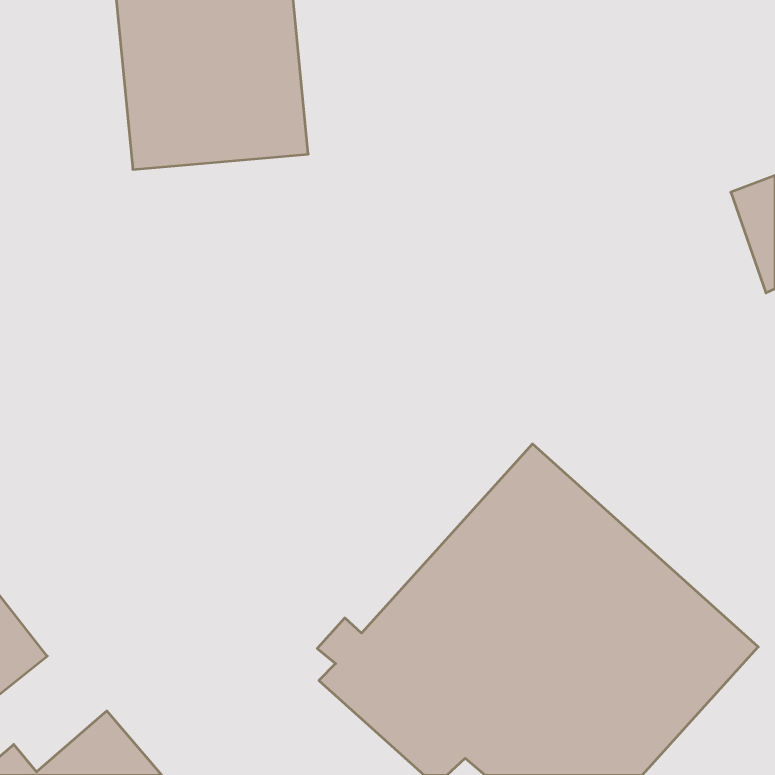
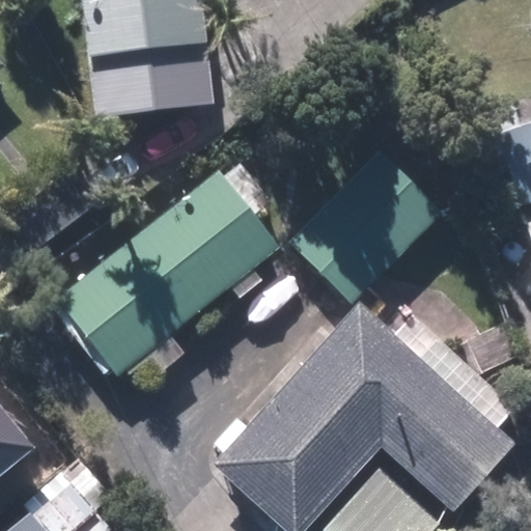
building: none -> [288,151,441,303]
building: none -> [68,169,281,371]

